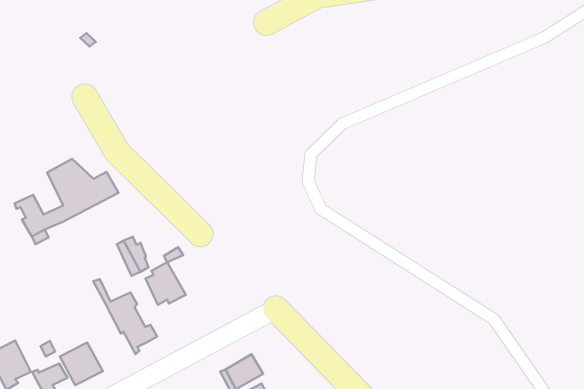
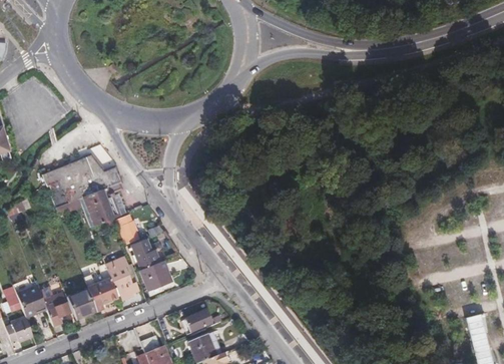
building: none -> [79,181,123,226]
building: none -> [140,261,169,291]
building: none -> [87,261,118,310]

